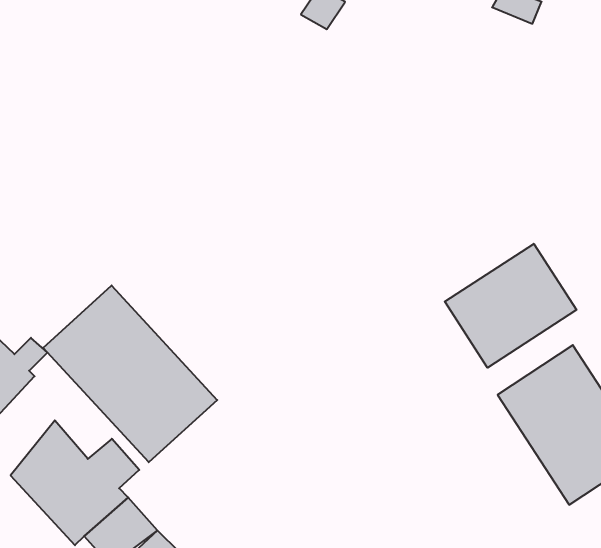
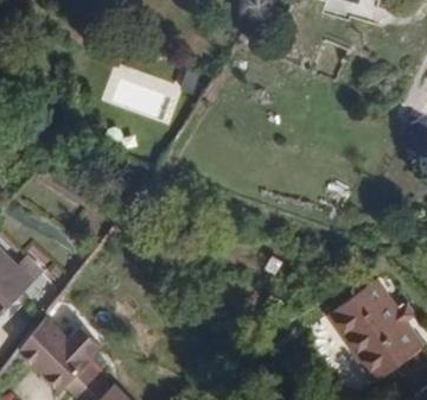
building: [445,244,576,368] -> none
building: [43,285,217,462] -> none

